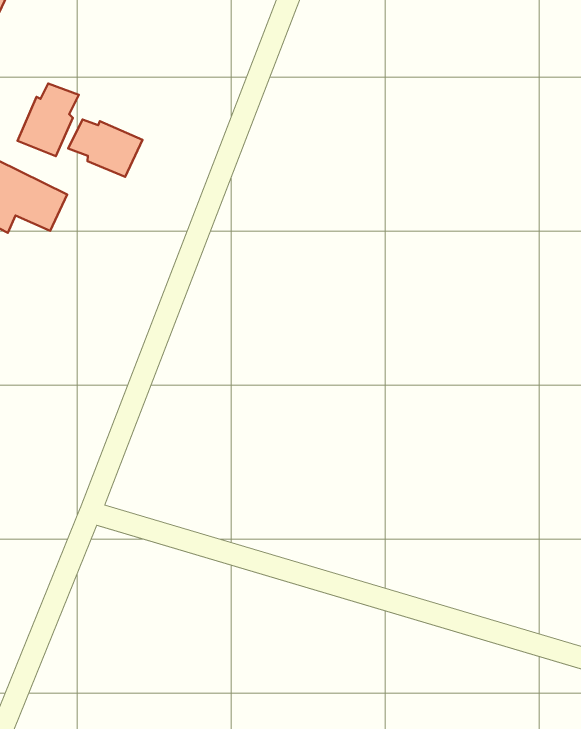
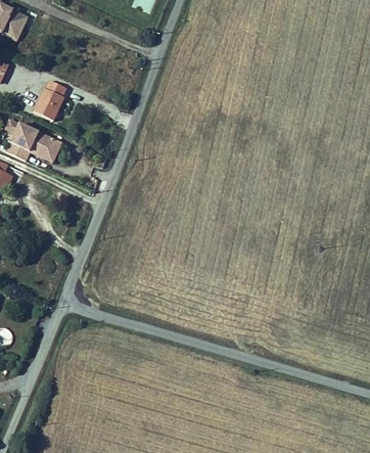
building: [68,119,143,177] -> none

